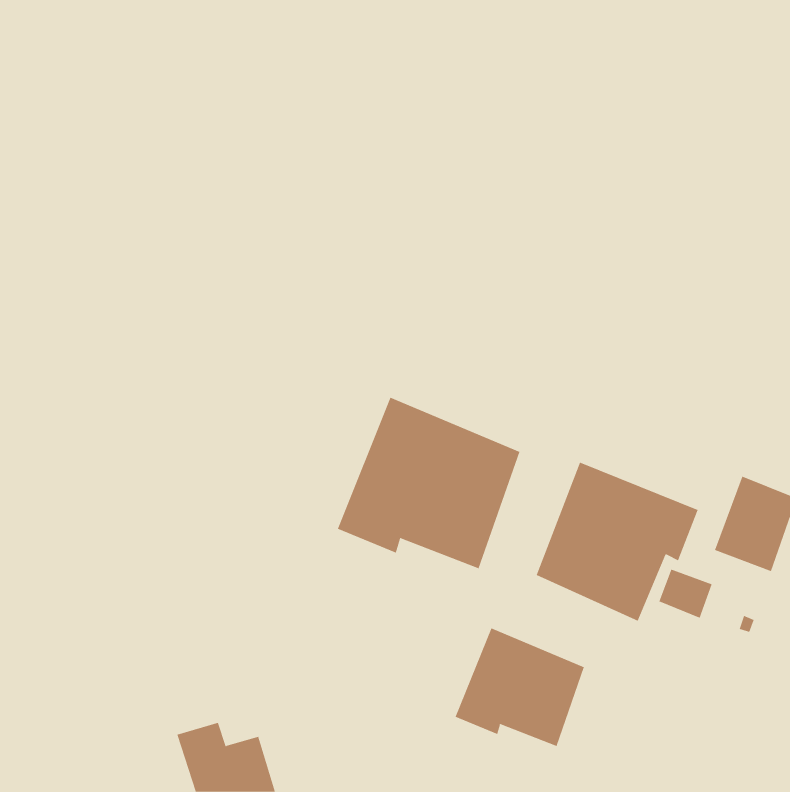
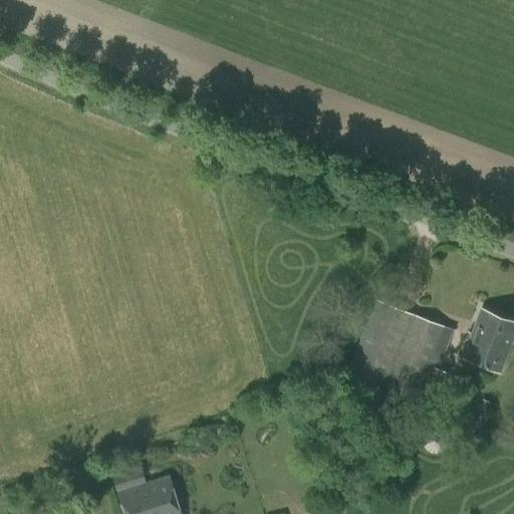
building: [337,397,520,569] -> none
building: [455,627,585,747] -> none

